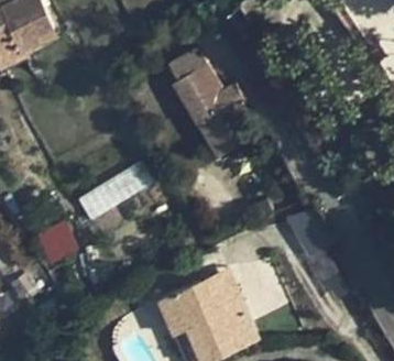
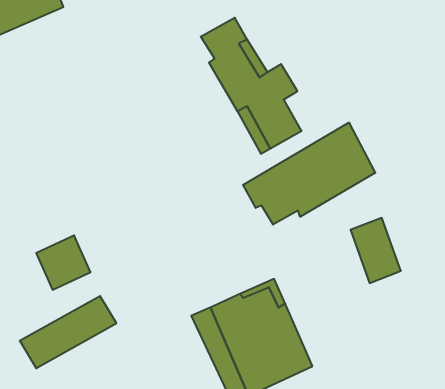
building: none -> [243,123,375,225]
building: [74,165,152,223] -> [20,296,116,368]

